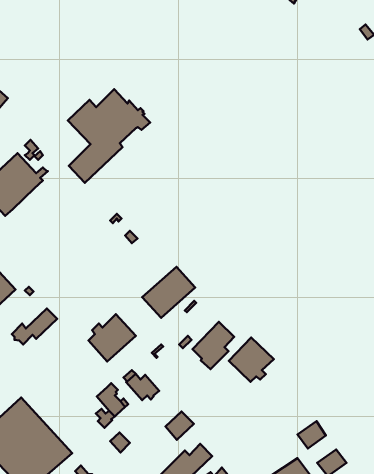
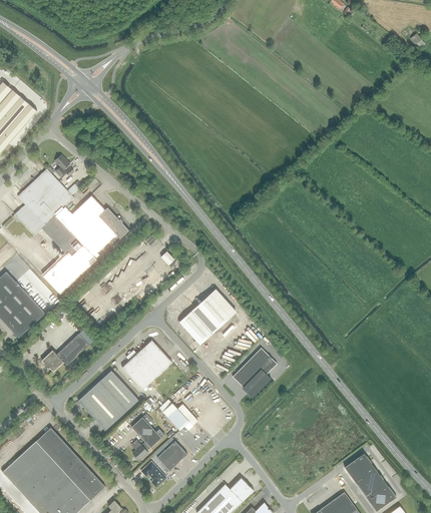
building: [68,89,150,183] -> [42,195,129,295]
building: [229,337,274,382] -> none
building: none -> [78,371,138,431]
building: [165,411,194,440] -> [157,441,187,471]
building: none -> [355,468,385,497]

